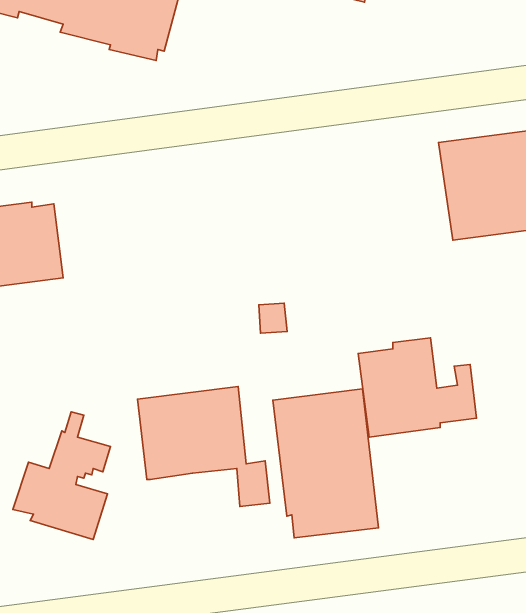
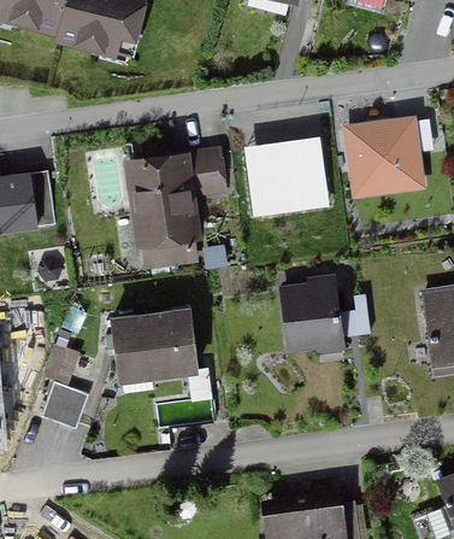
building: none -> [243,135,329,217]
building: none -> [124,146,228,269]
building: [273,389,378,538] -> none

